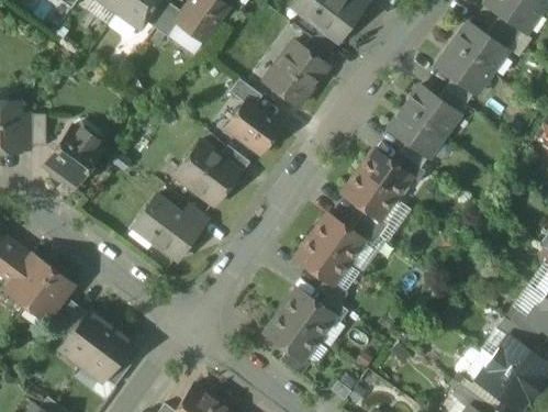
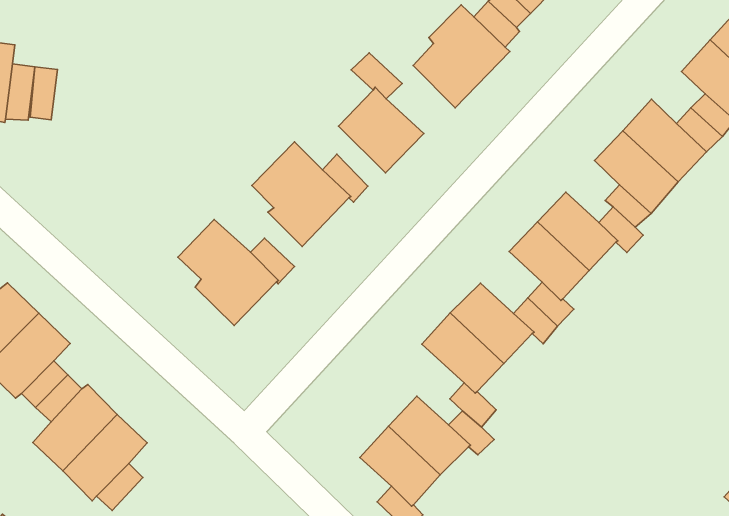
building: [44,126,102,187] -> none

